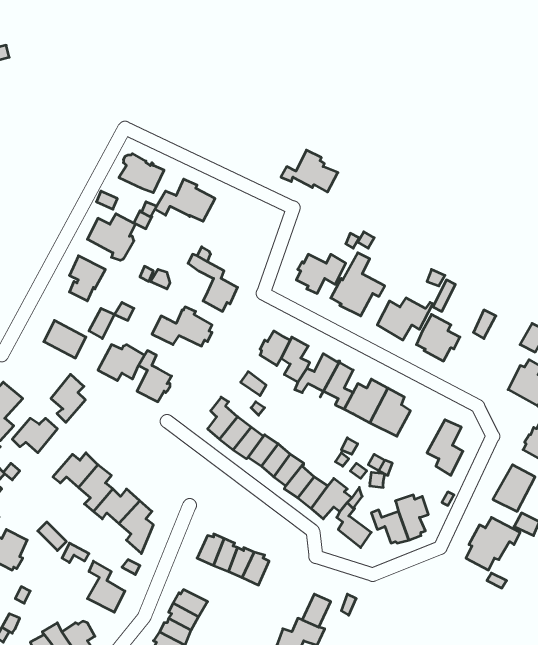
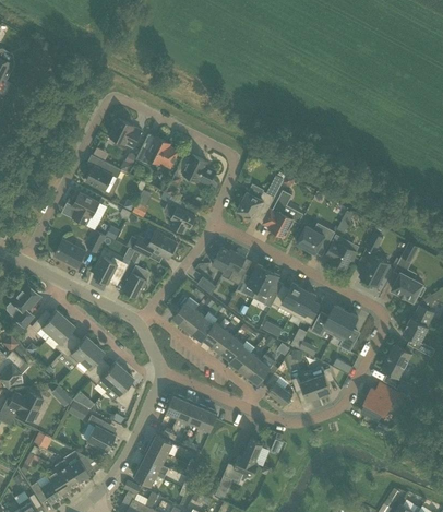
building: [281,150,338,192] -> [175,155,216,186]
building: none -> [360,255,390,287]
building: [51,374,85,422] -> [50,319,75,354]
building: none -> [311,306,346,337]

